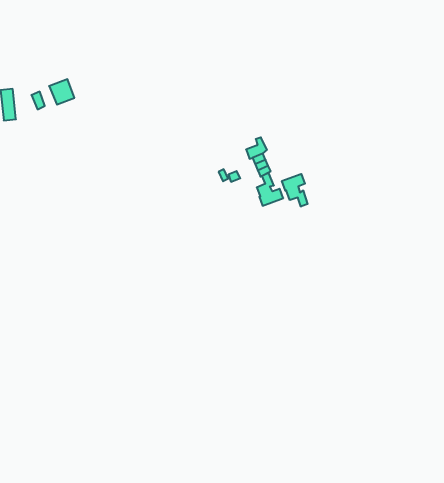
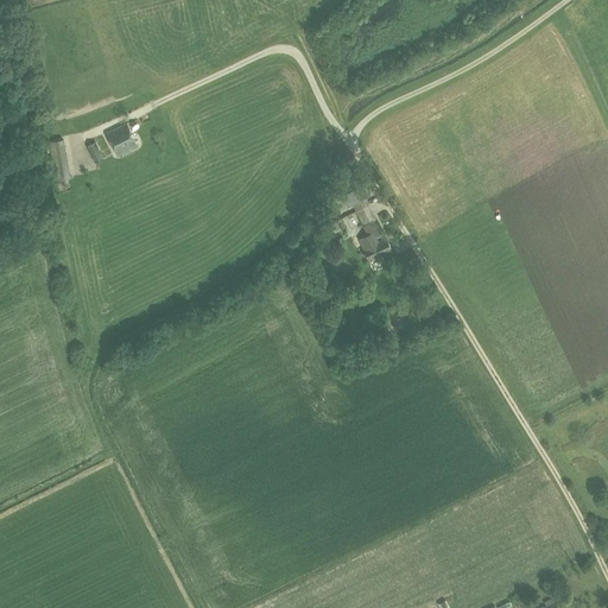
building: [282,174,308,207] -> none

